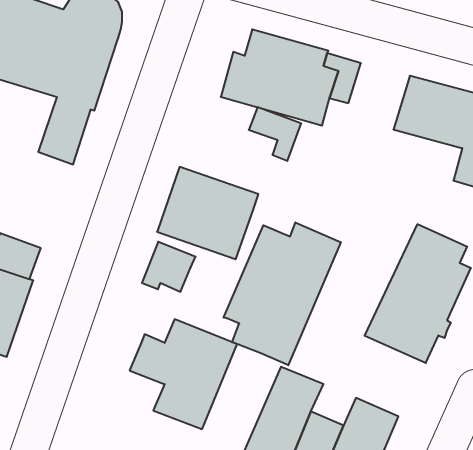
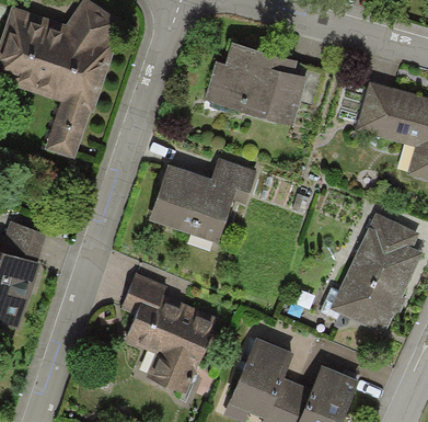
building: [249,107,301,161] -> [211,158,257,205]
building: [224,222,341,365] -> none
building: [142,242,196,292] -> [120,273,167,317]

